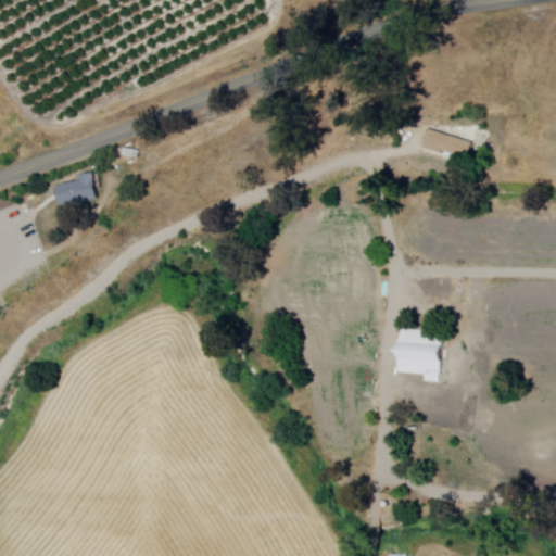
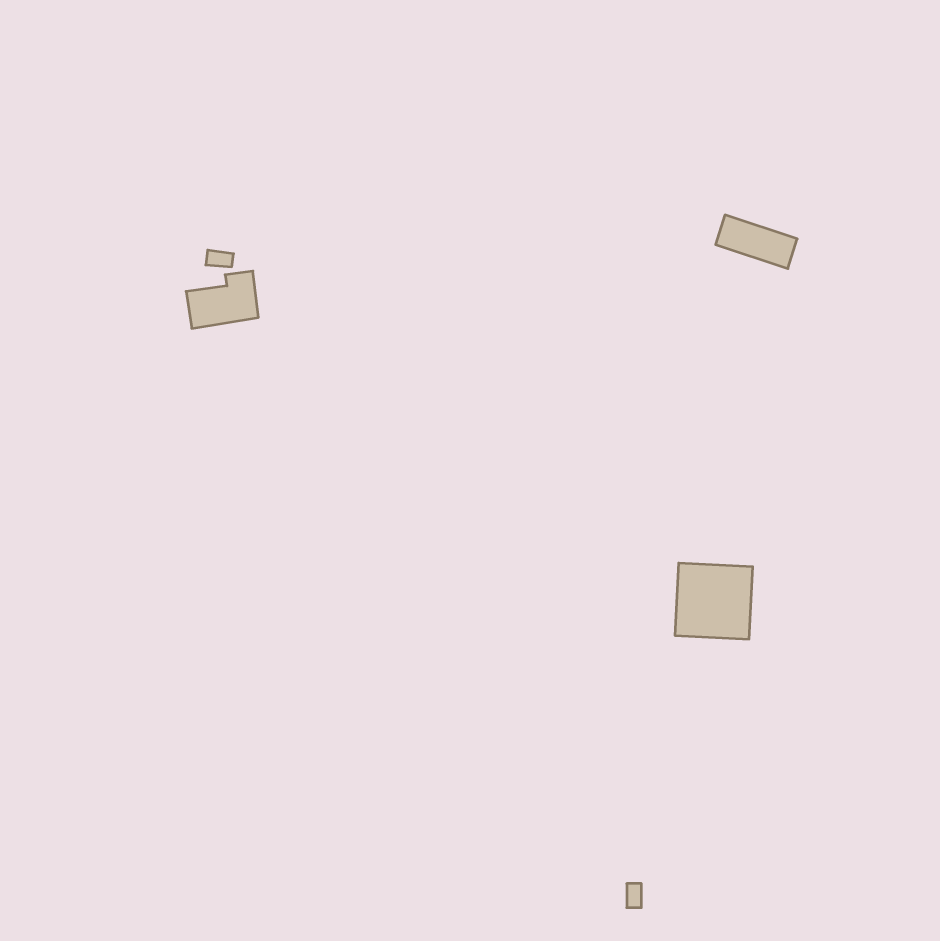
building: [52,172,94,205] -> [186,271,258,328]

